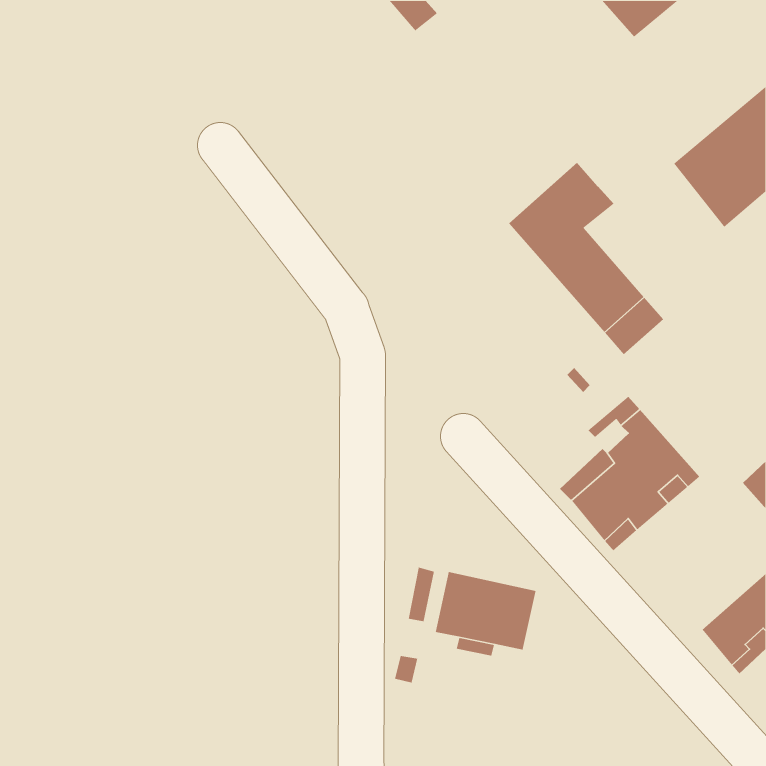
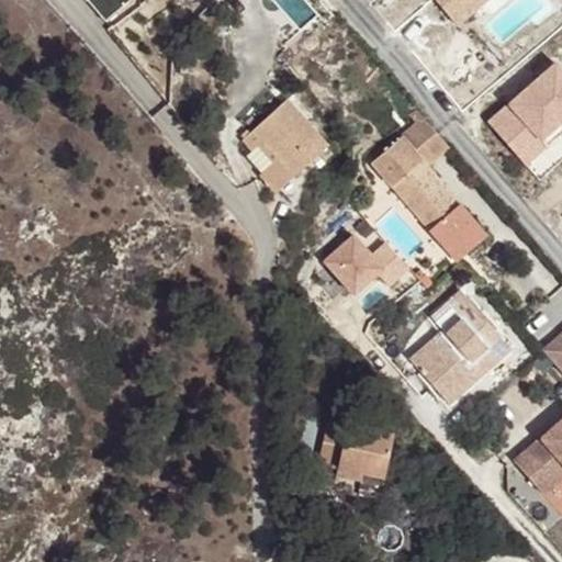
building: none -> [240,98,328,191]
building: none -> [329,226,401,297]

